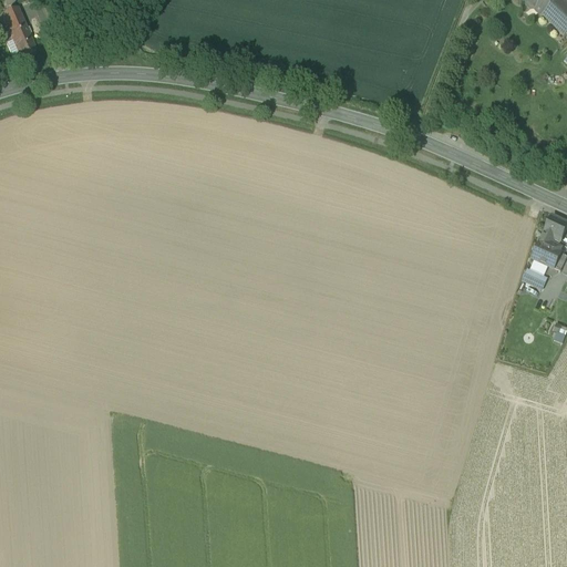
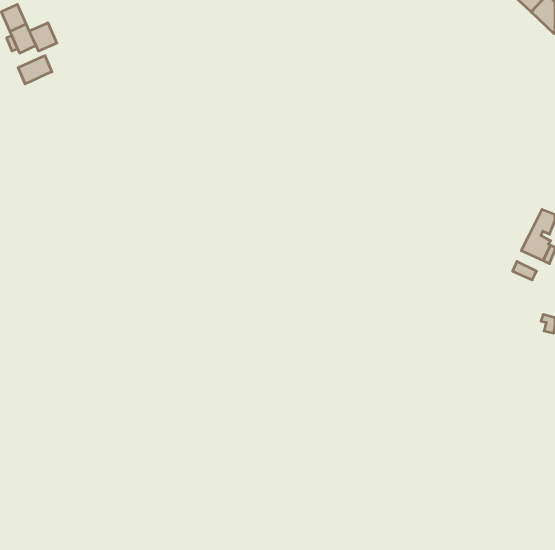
building: none -> [29,23,57,51]
building: none -> [18,56,52,84]

